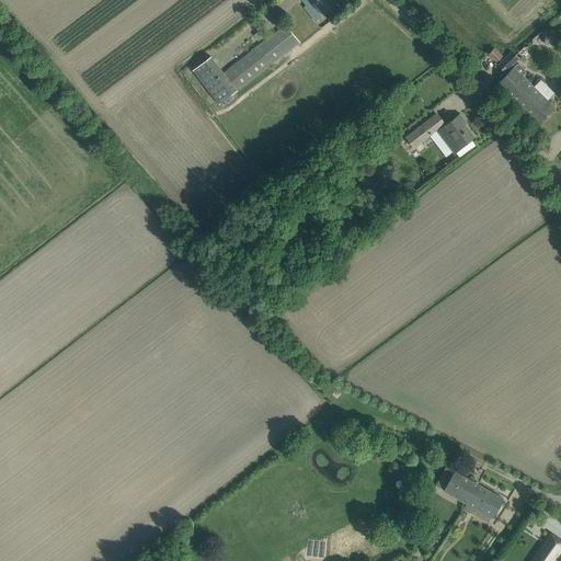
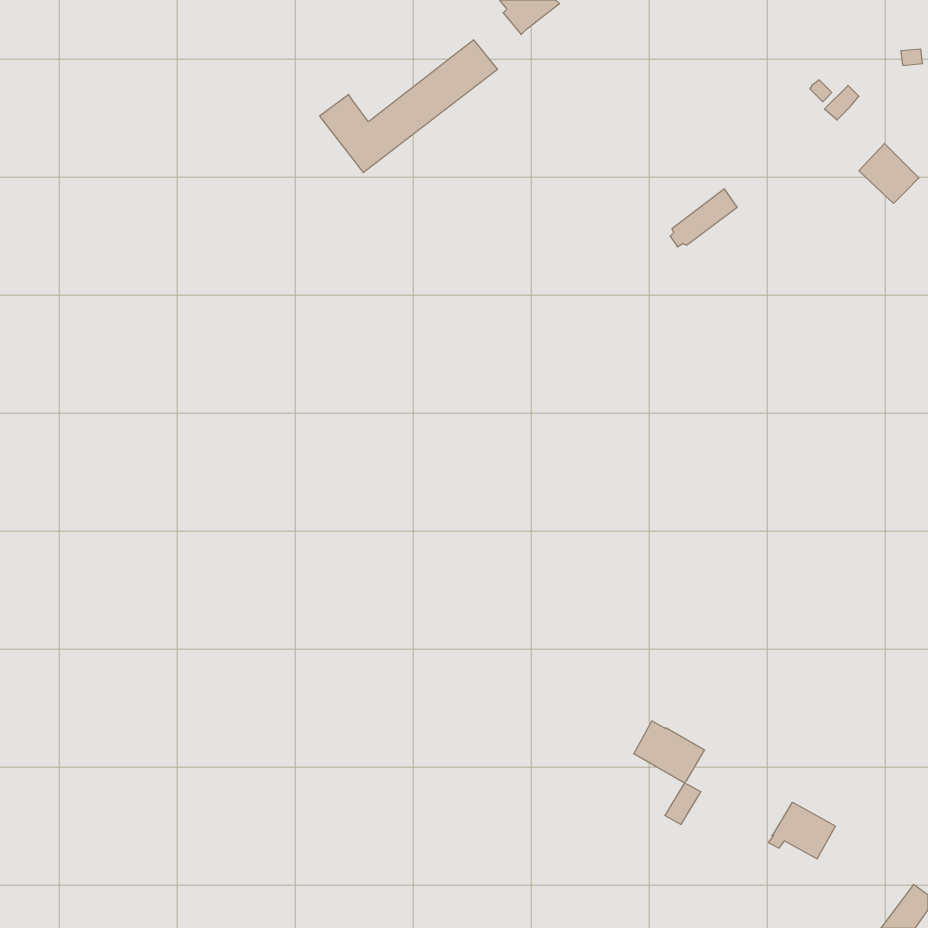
building: [499,64,534,103] -> none
building: [437,115,472,152] -> none
building: [435,467,478,504] -> [634,721,705,783]

